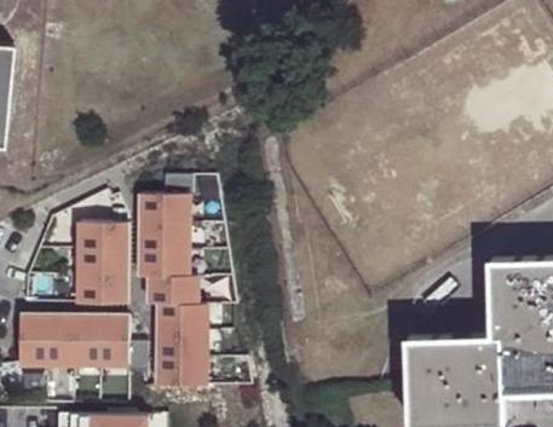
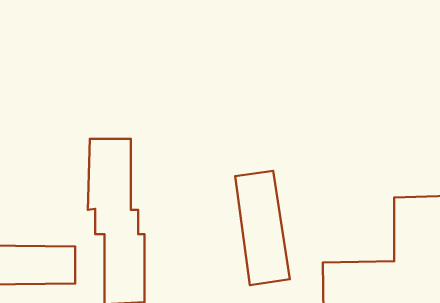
building: [79,225,126,307] -> none
building: none -> [235,171,290,285]

